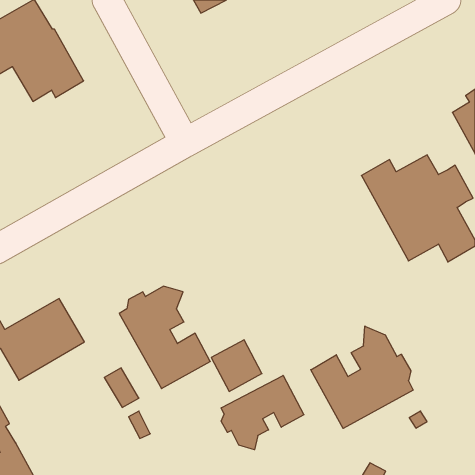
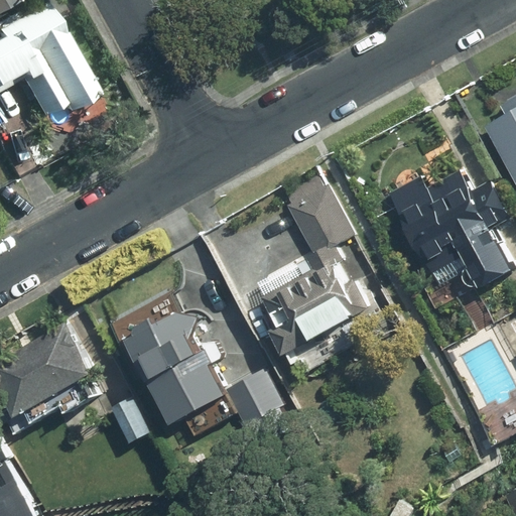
building: none -> [263,176,370,355]
building: [311,326,413,428] -> none
building: [221,375,304,450] -> none

